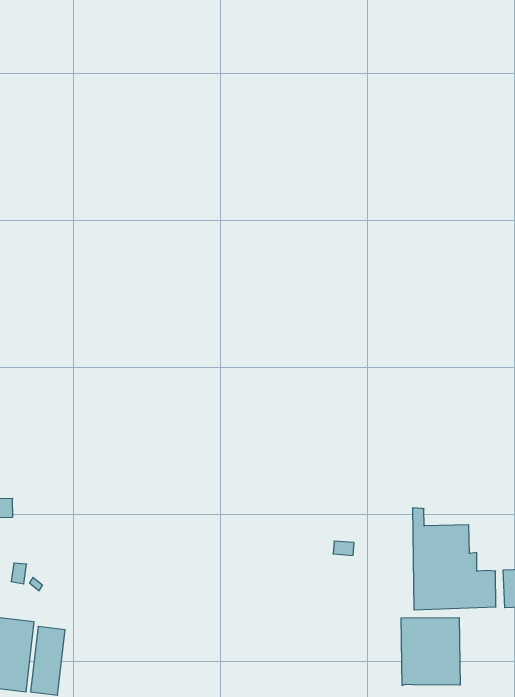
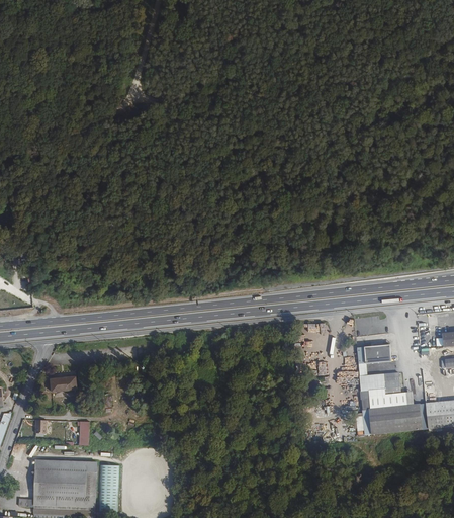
building: none -> [362,344,391,363]
building: [401,618,460,686] -> none

